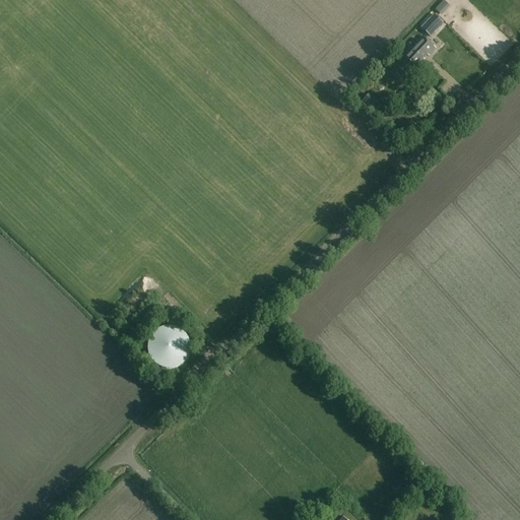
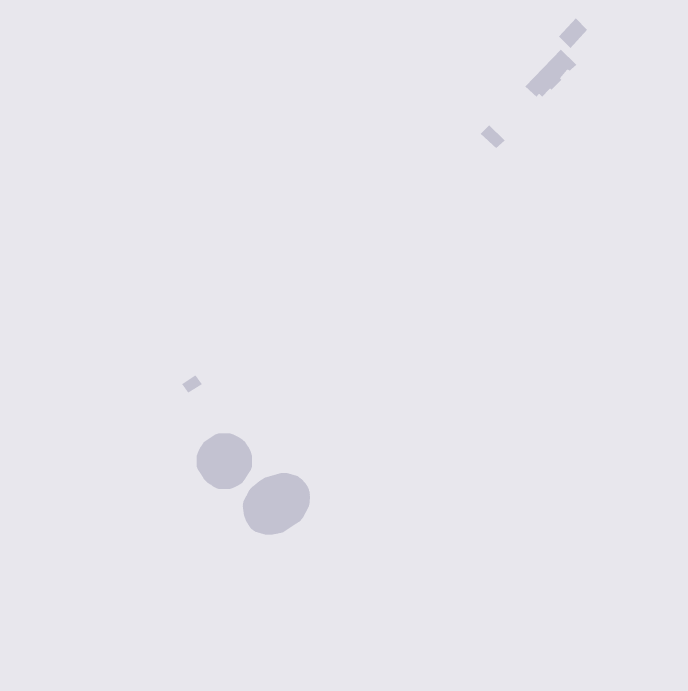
building: none -> [242,472,310,536]

